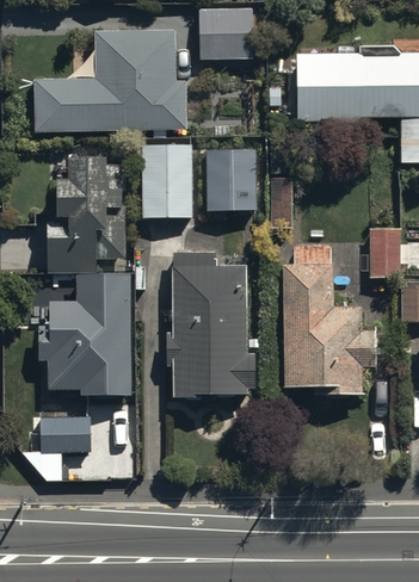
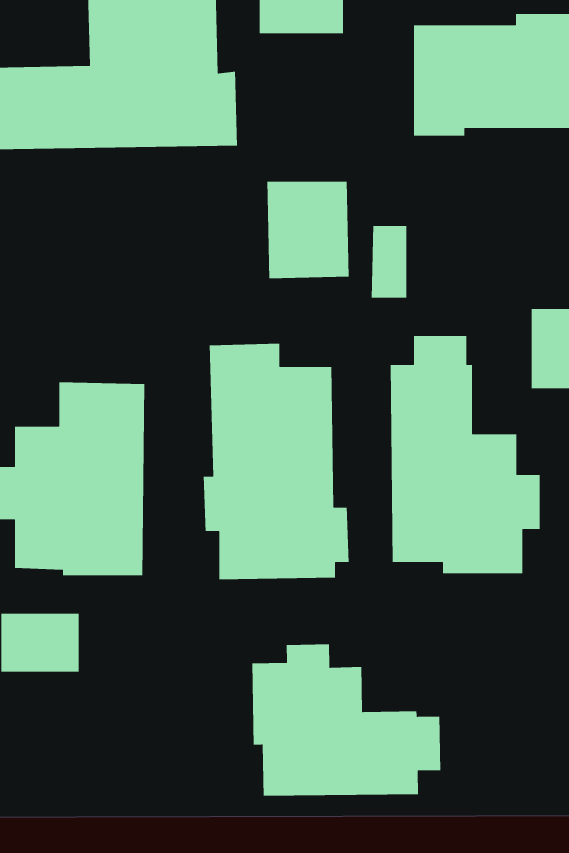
building: [142,144,191,217] -> none
building: [48,154,125,273] -> none
building: none -> [251,643,441,796]

